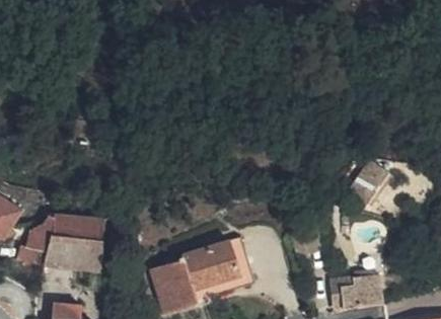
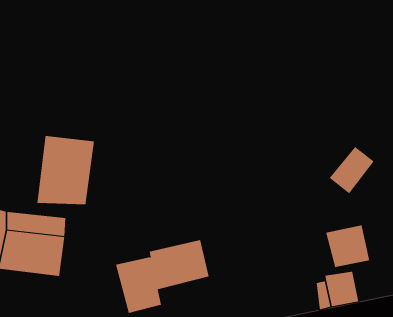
building: none -> [37,135,94,205]
building: none -> [326,225,370,268]

